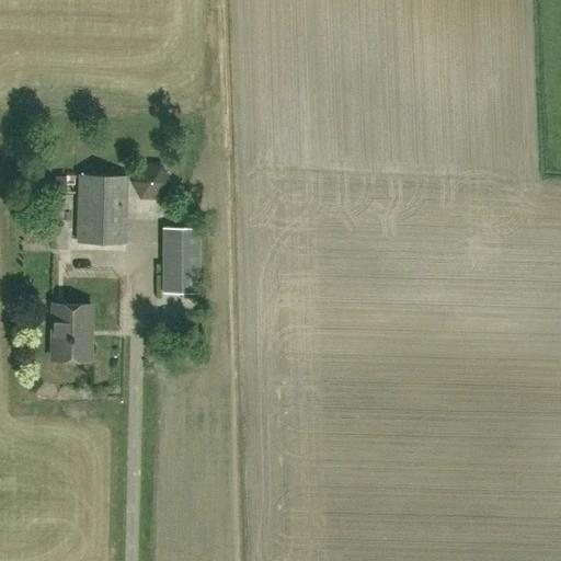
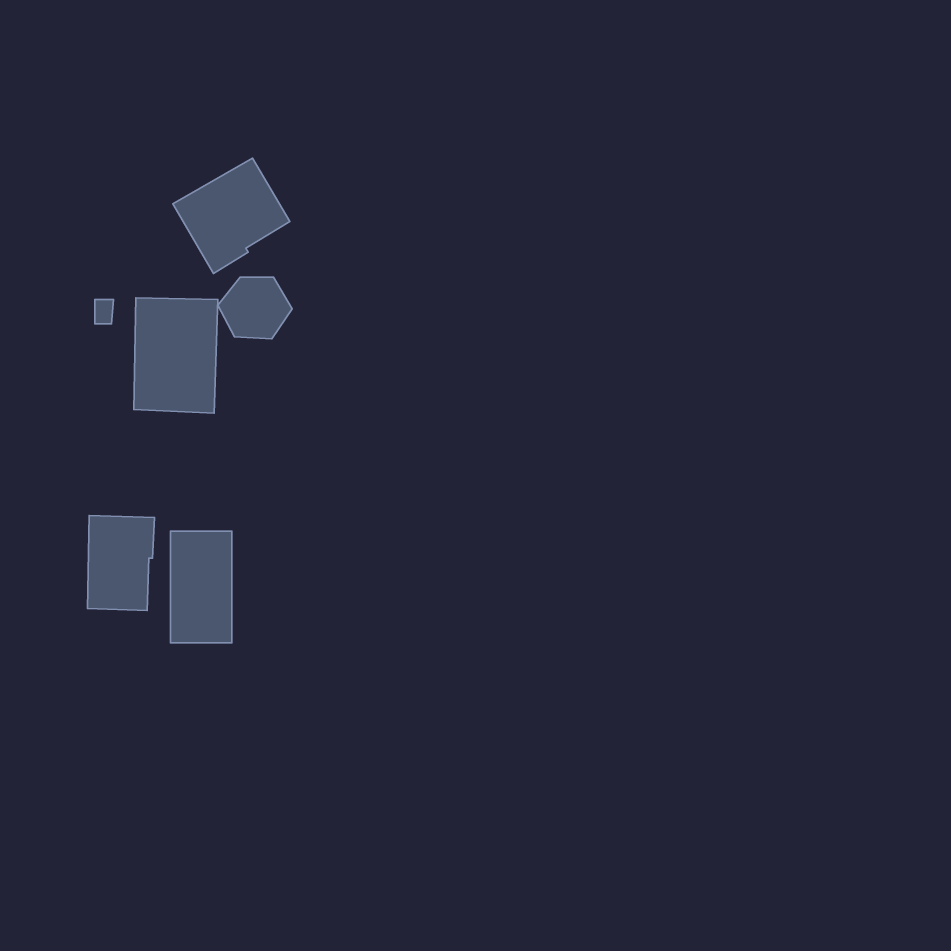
building: none -> [173,158,290,273]
building: [162,227,198,293] -> [170,531,232,643]

